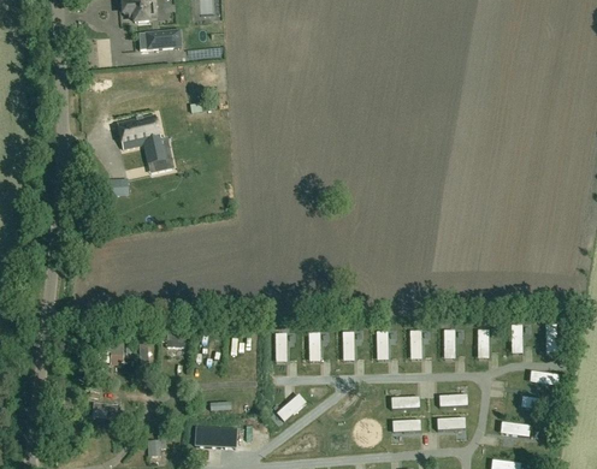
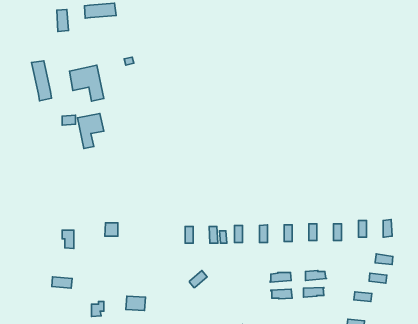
building: none -> [31,61,52,101]
building: none -> [77,113,104,149]

